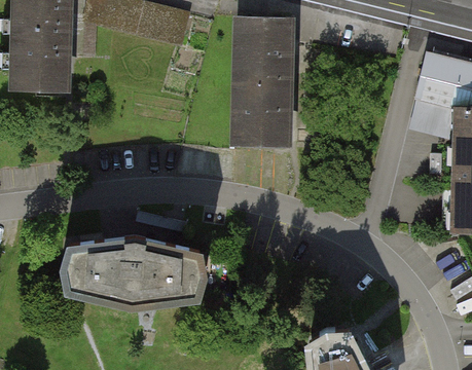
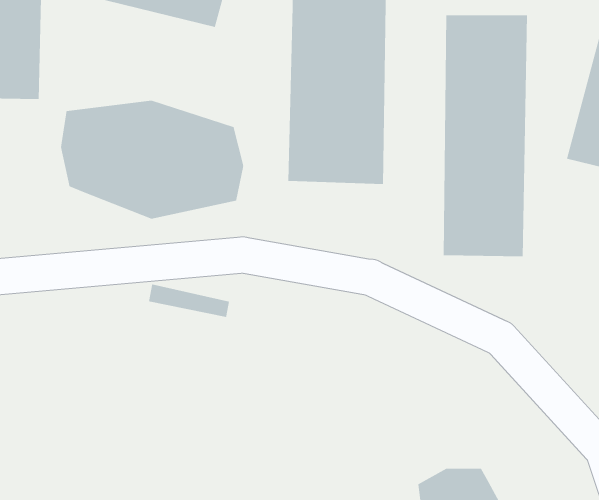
building: none -> [443,14,528,257]
building: none -> [61,100,244,219]
building: [66,234,210,303] -> none

